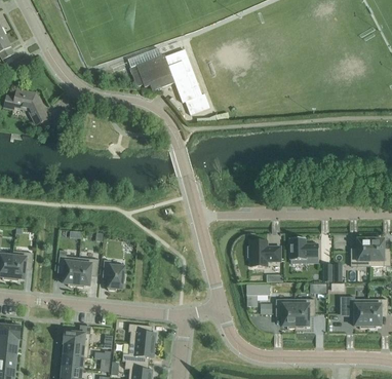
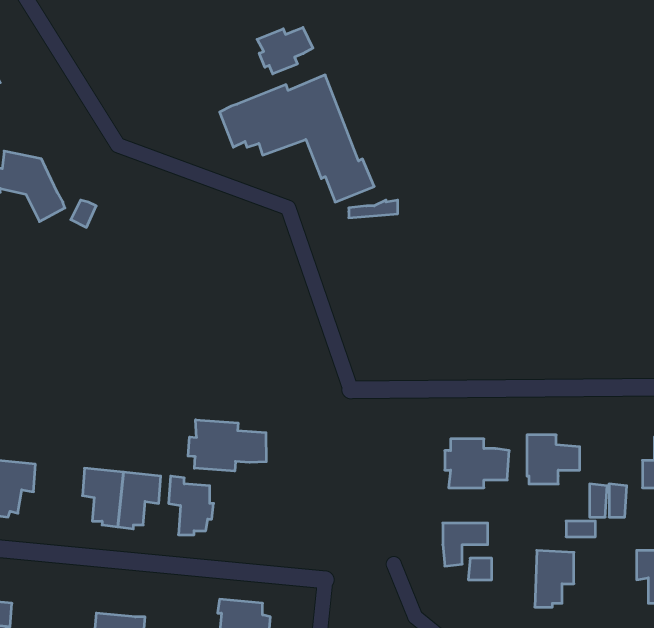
building: none -> [257,27,313,74]
building: none -> [188,420,266,471]
building: [275,298,296,328] -> none

